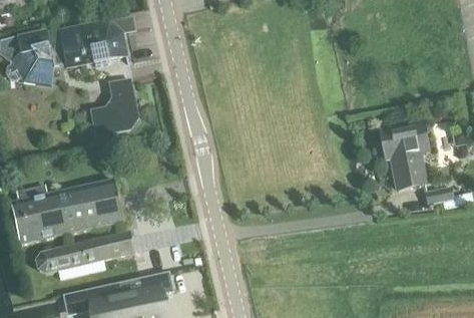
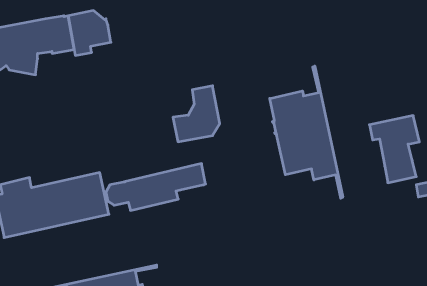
building: none -> [270,66,343,198]
building: [91,79,137,134] -> [173,86,220,142]
building: [35,232,133,278] -> [106,164,206,210]

